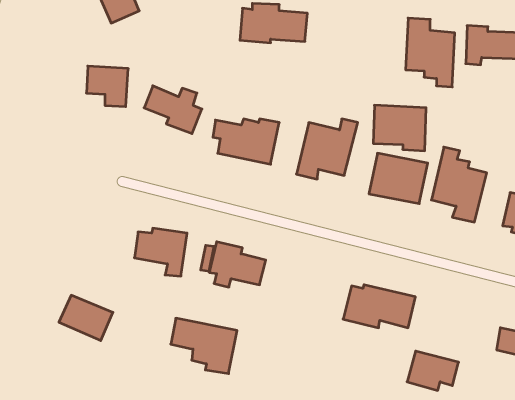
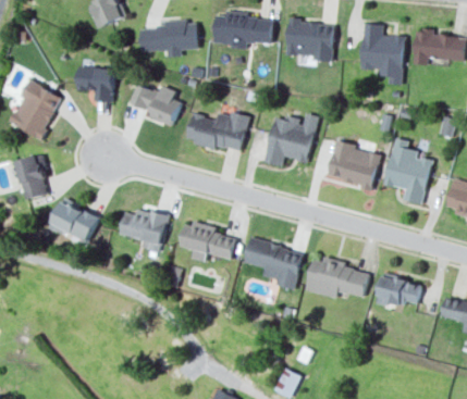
building: none -> [139,20,197,58]
building: none -> [8,80,63,139]
building: [373,105,426,151] -> [286,22,333,62]
building: none -> [16,155,48,200]
building: [59,295,113,341] -> [51,201,99,241]
building: [171,318,237,374] -> [244,240,303,289]
building: [407,351,459,390] -> [376,274,421,309]

